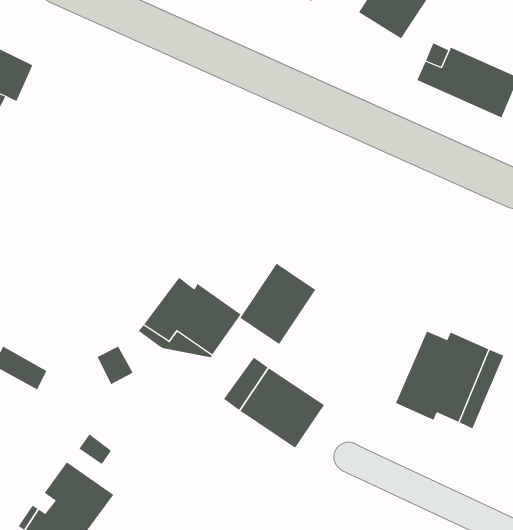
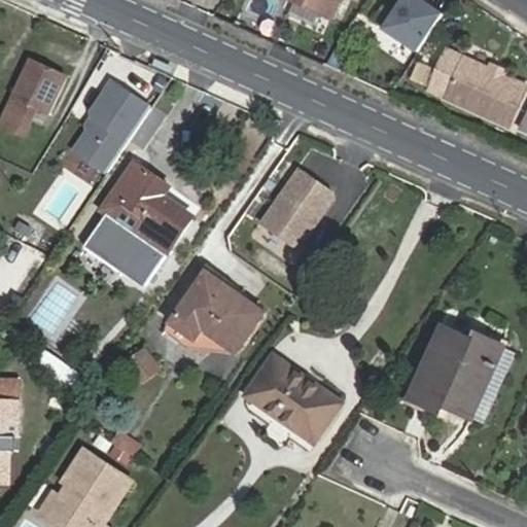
building: none -> [68,75,147,171]
building: none -> [81,159,198,287]
building: [240,263,316,345] -> [258,167,331,245]

